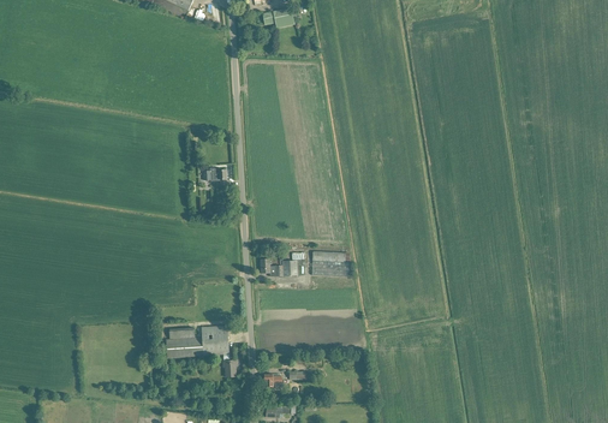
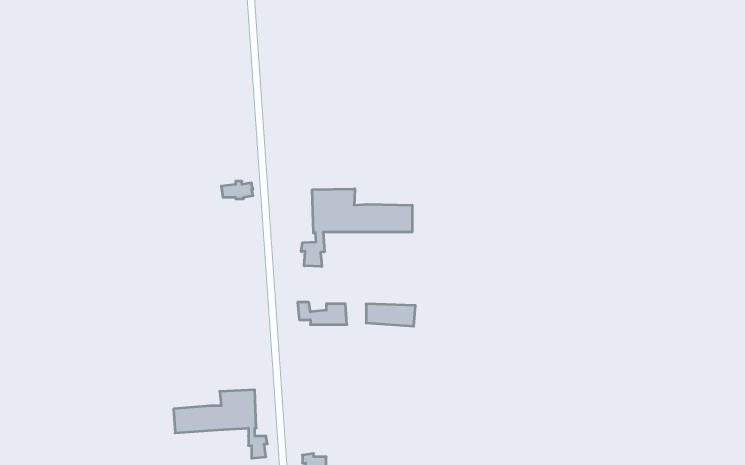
building: none -> [301,189,412,267]

